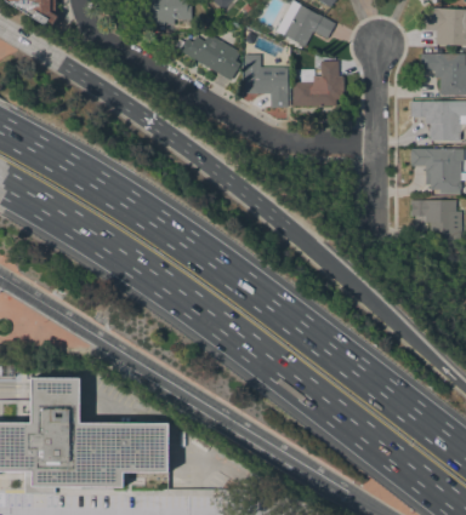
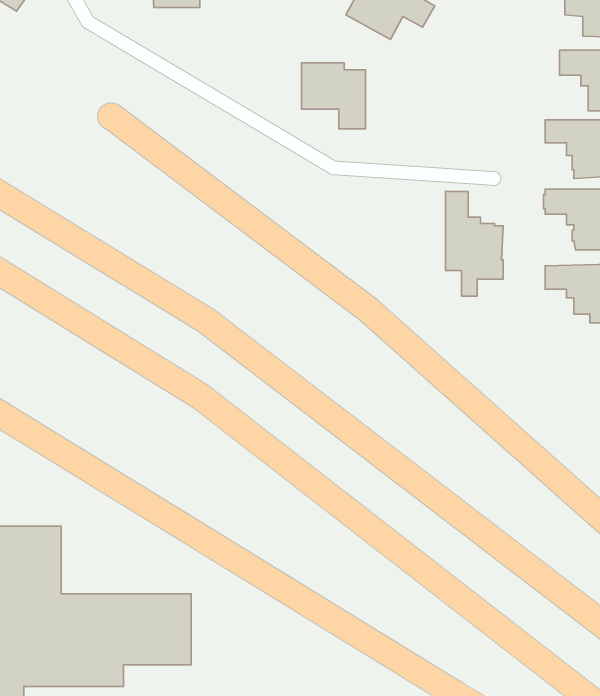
building: [180,34,240,80] -> none
building: [292,61,343,105] -> none
building: none -> [446,192,503,296]

